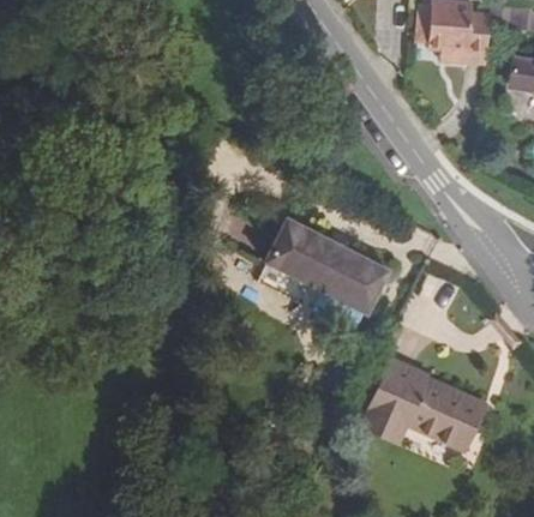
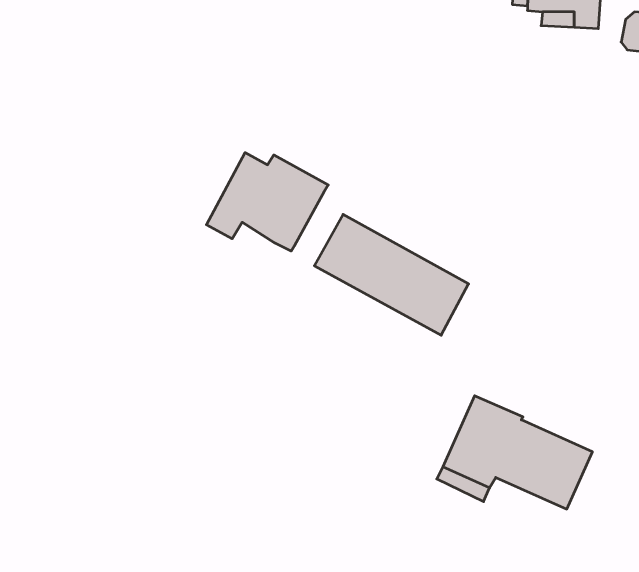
building: none -> [206,153,328,251]

